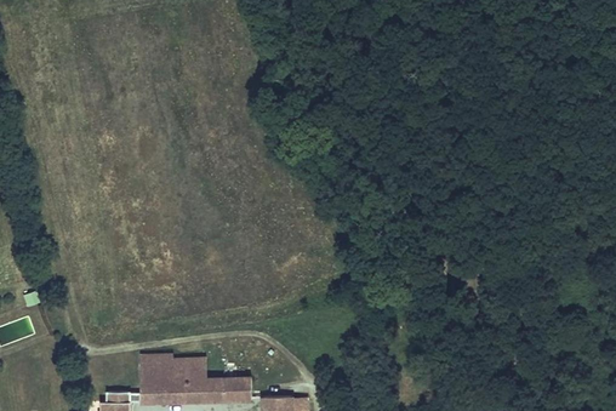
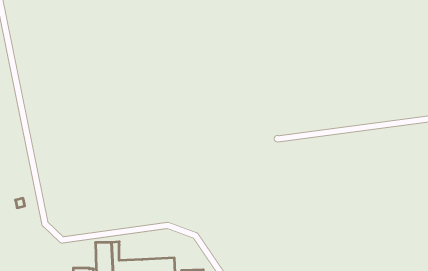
building: [172,360,205,382] -> none

